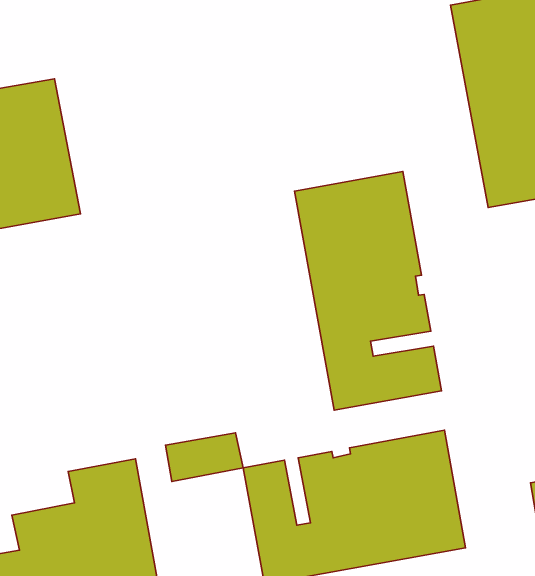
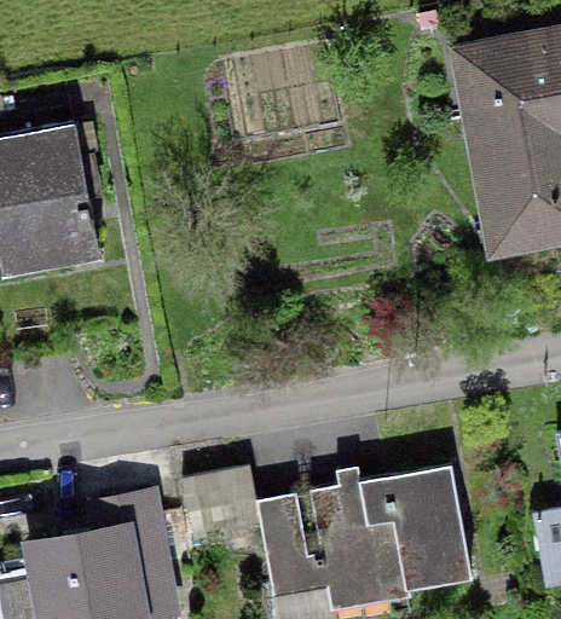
building: [294,172,442,410] -> none

